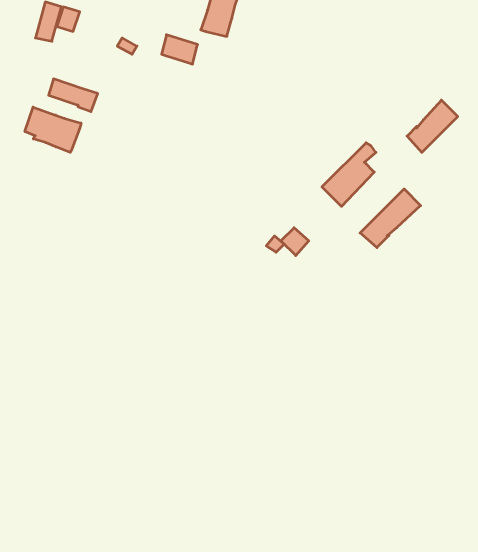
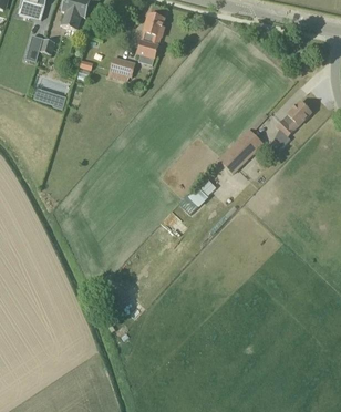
building: [25,107,81,152] -> none
building: [360,189,421,248] -> none

